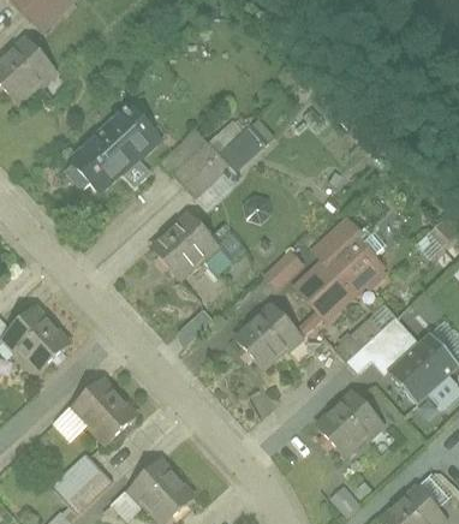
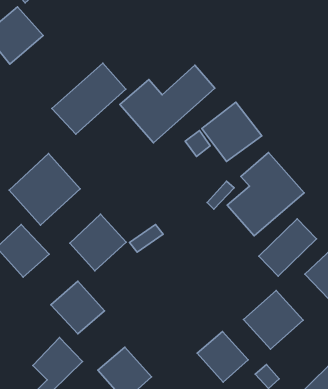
building: none -> [202,102,262,162]
building: [150,210,221,281] -> [70,214,126,271]
building: none -> [9,154,80,225]
building: [231,299,300,368] -> none
building: none -> [197,331,248,382]

